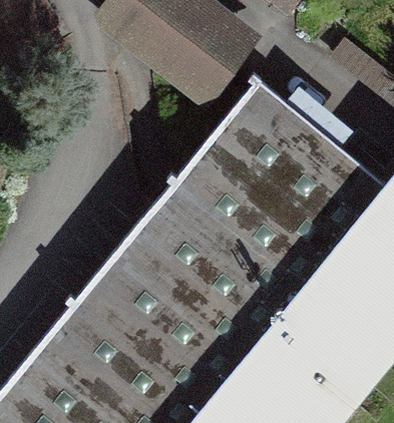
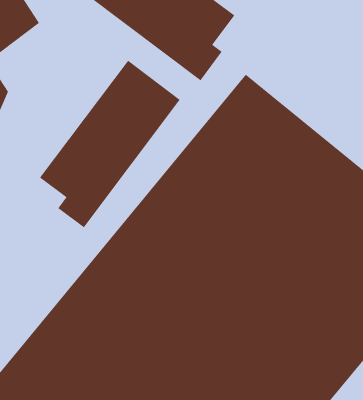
building: none -> [39,60,181,228]

